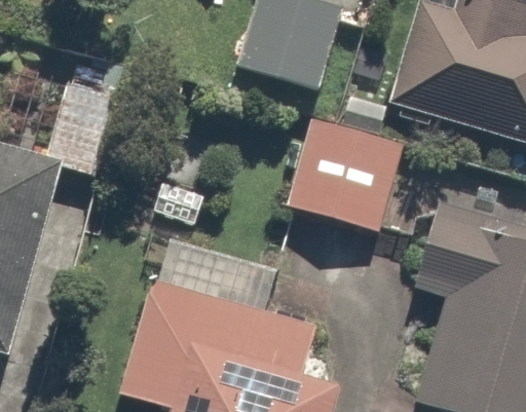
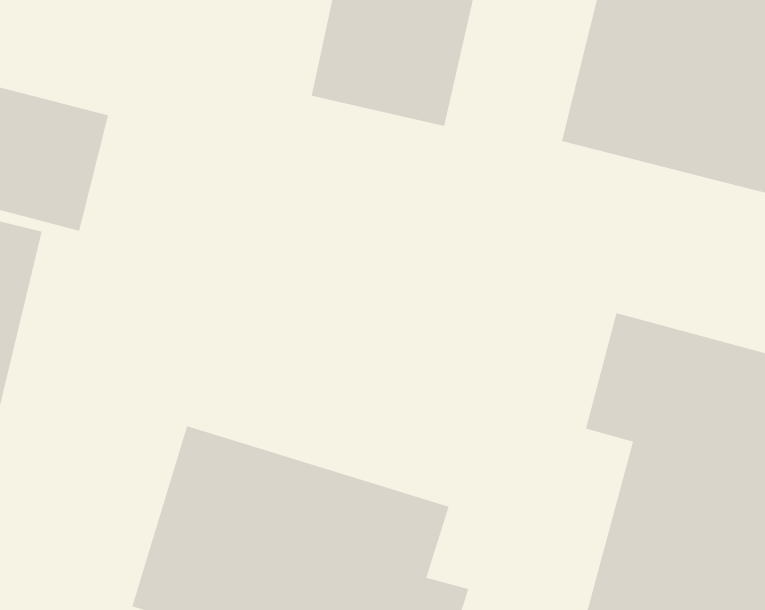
building: [284,115,416,237] -> none

